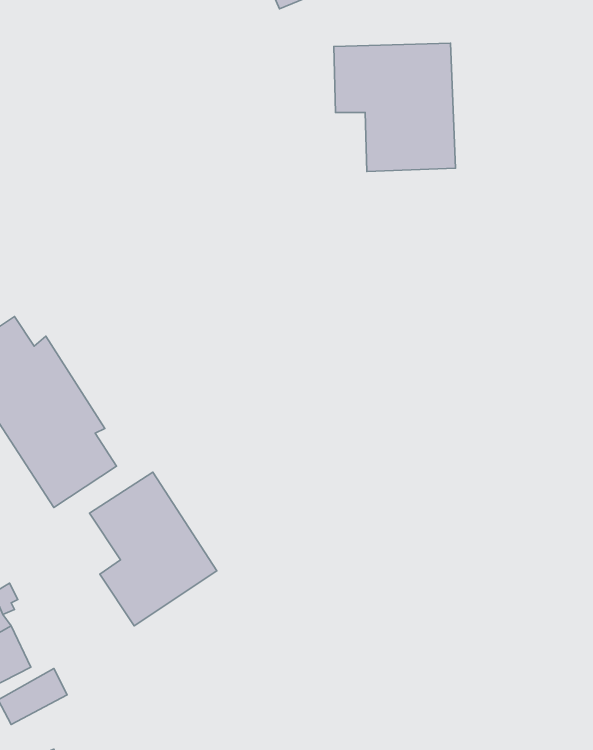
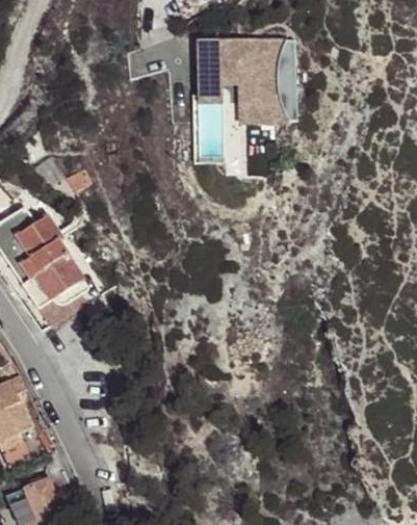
building: none -> [200,34,223,94]
building: [90,472,217,626] -> none

